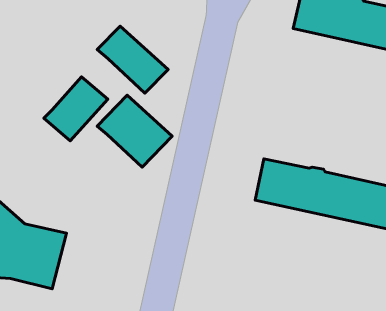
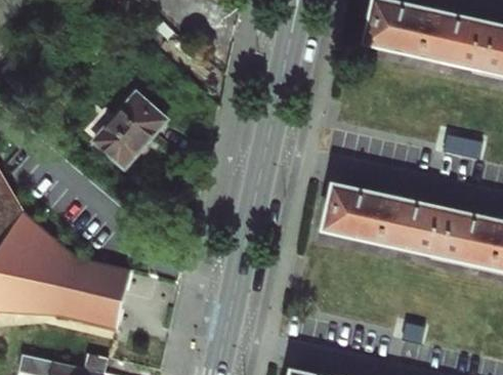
building: [97,26,168,93] -> none
building: [97,95,172,167] -> none

